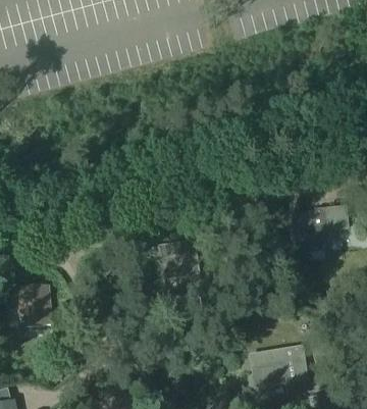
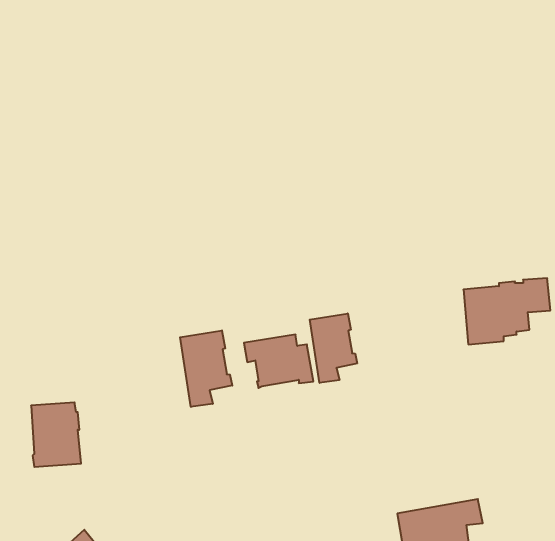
building: none -> [310,313,357,383]
building: none -> [180,330,232,407]

